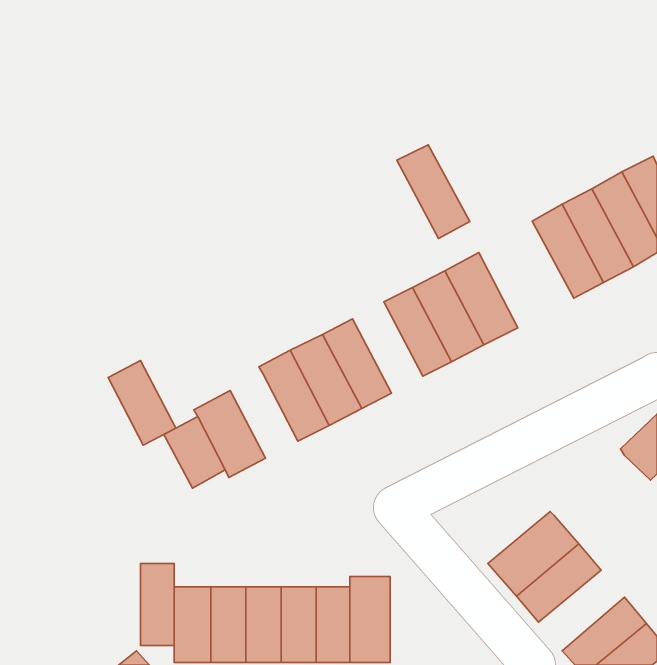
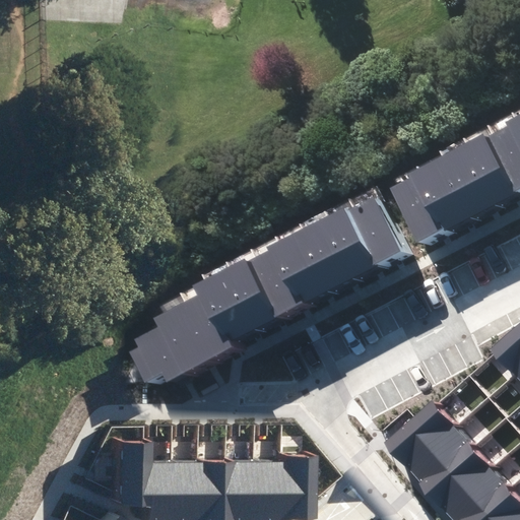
building: [397,145,470,238] -> [391,173,448,246]
building: none -> [275,236,330,307]
building: [108,361,176,445] -> [180,291,233,358]
building: none -> [420,445,488,508]

